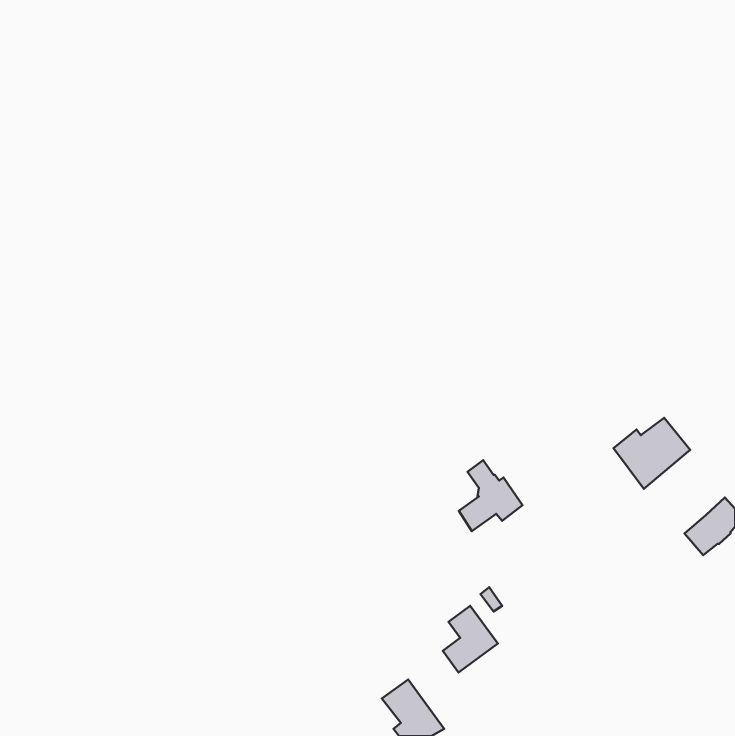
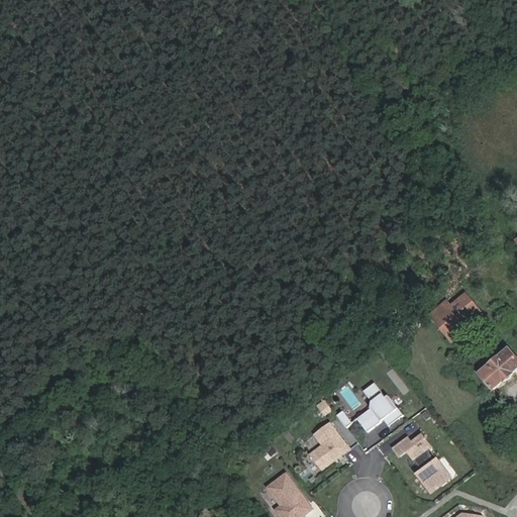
building: [459,460,522,531] -> [356,382,401,431]
building: none -> [392,432,452,493]

